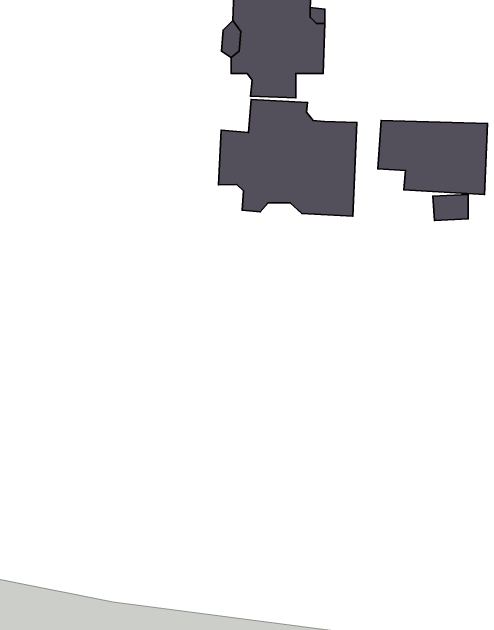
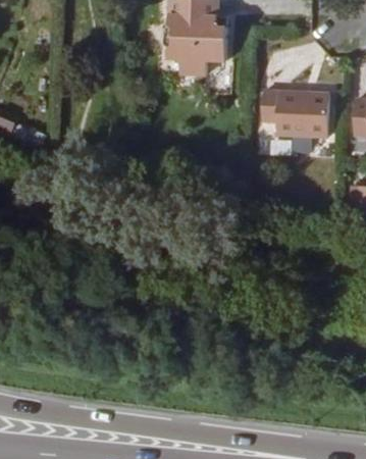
building: [219,100,357,216] -> none

